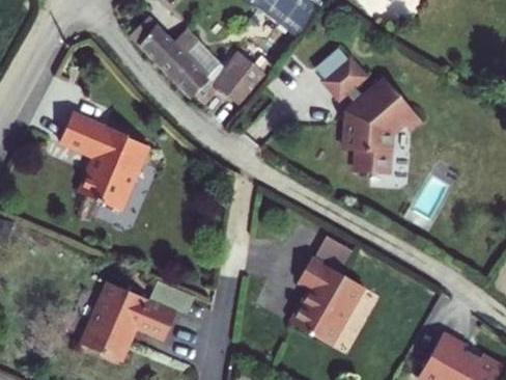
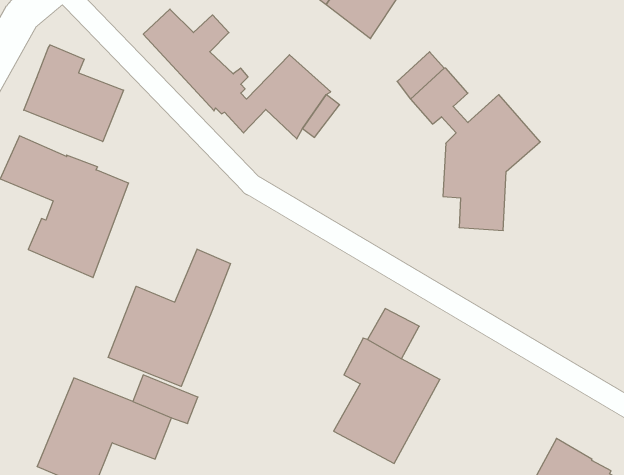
building: none -> [24,45,124,142]
building: none -> [108,249,231,386]

